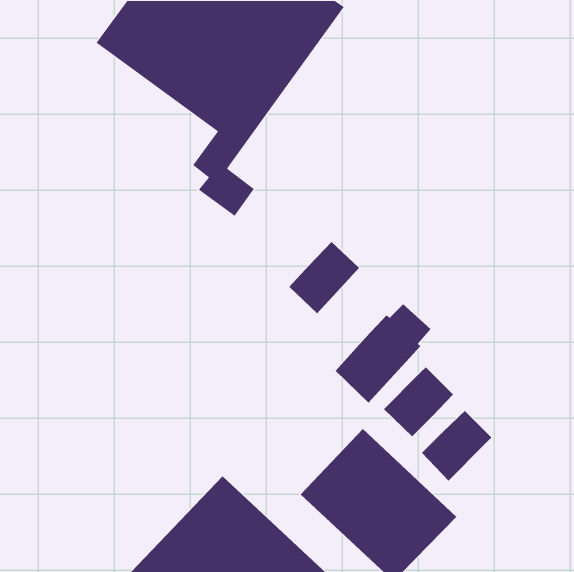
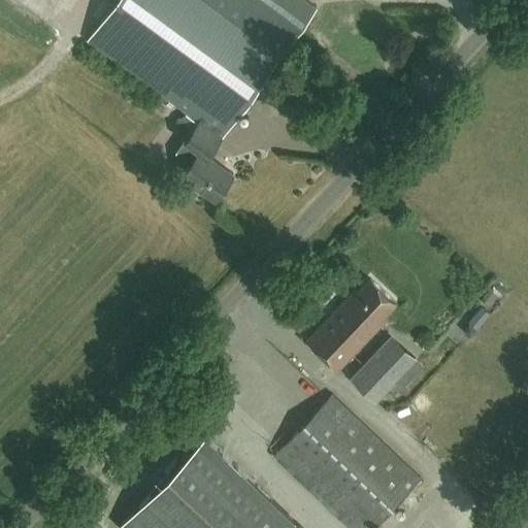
building: [288,241,360,314] -> none
building: [421,410,492,481] -> none

